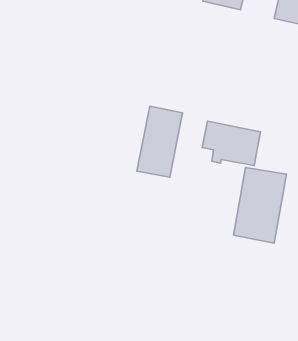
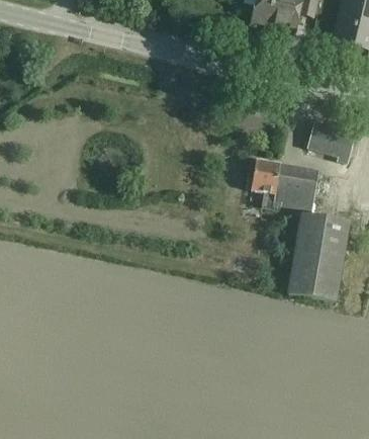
building: none -> [306,122,355,158]
building: [137,106,182,177] -> none

